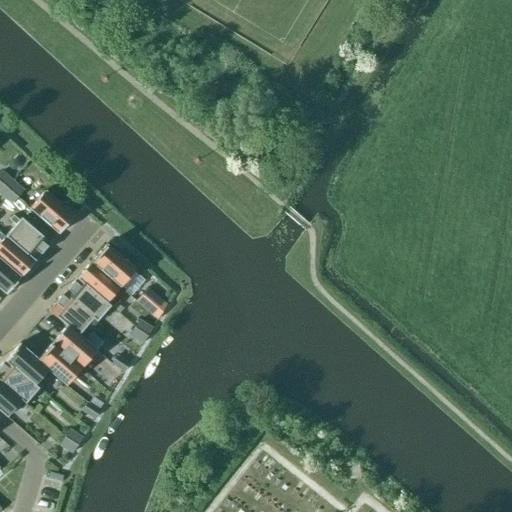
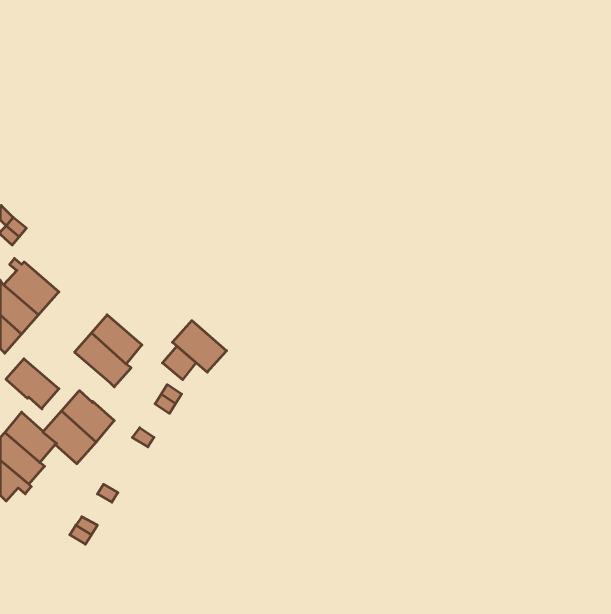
building: [31,190,76,234] -> none
building: [92,244,137,287] -> [172,321,227,372]
building: [50,293,94,335] -> [6,359,59,409]

